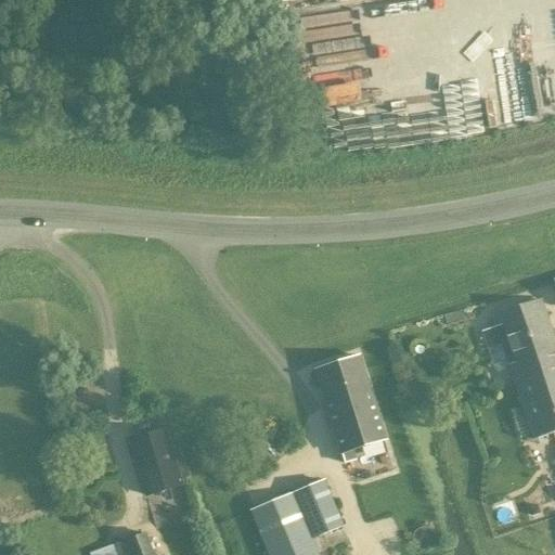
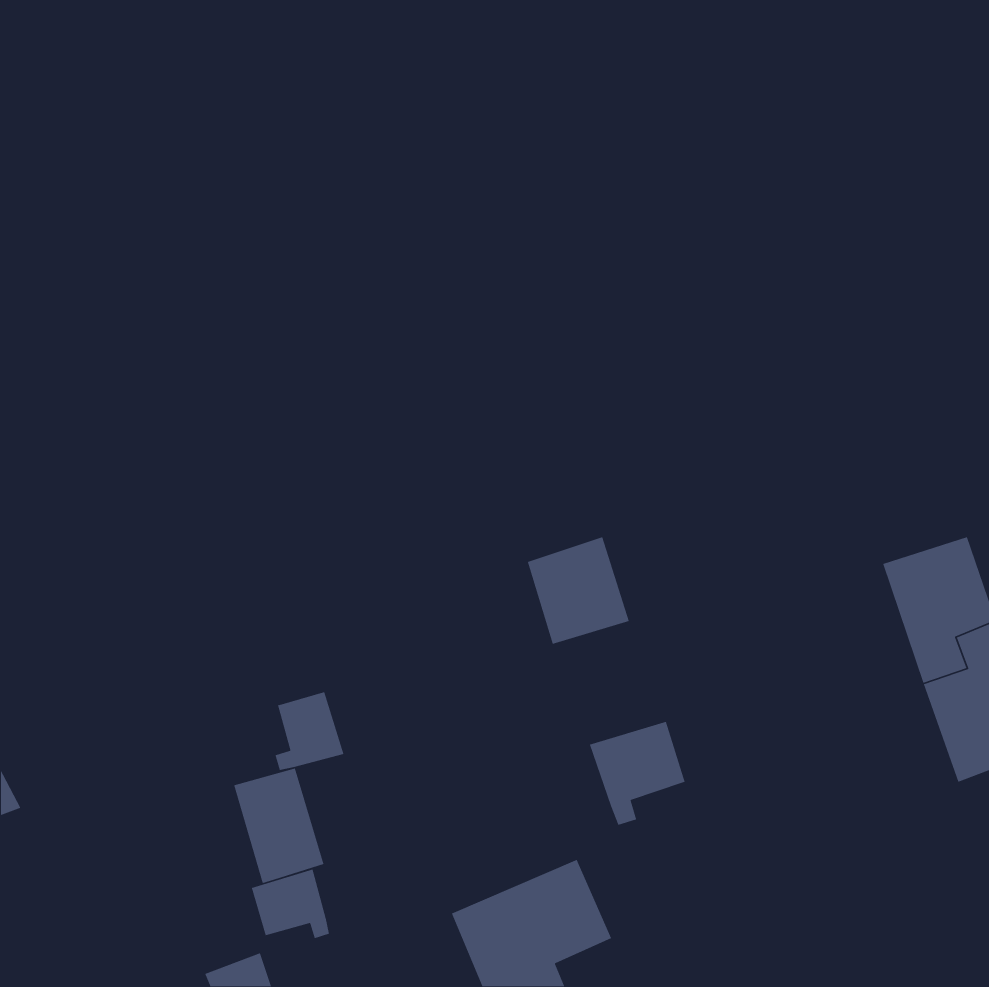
building: [317,354,374,415] -> [527,536,630,645]
building: none -> [274,691,344,771]
building: none -> [251,868,330,939]

